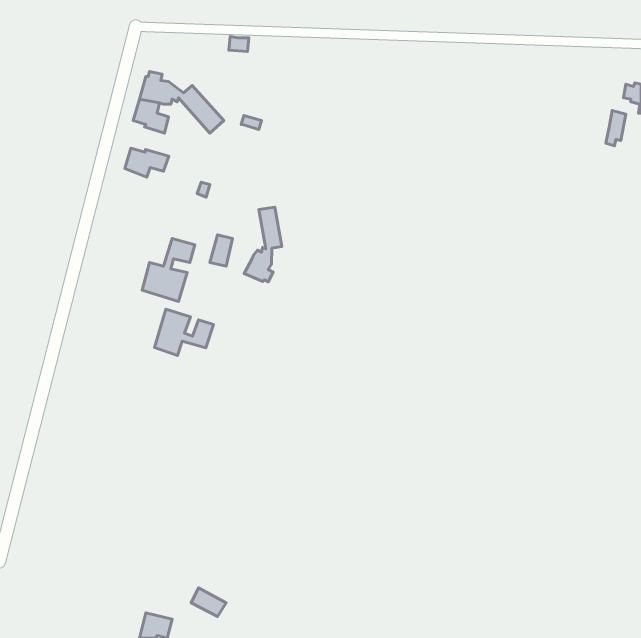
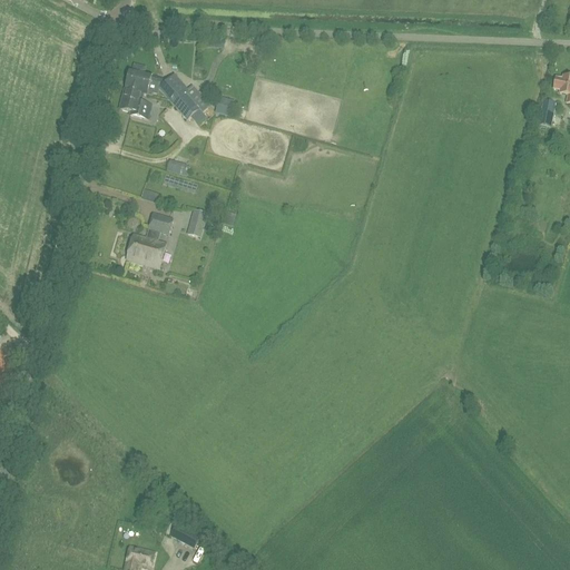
building: [125,148,169,177] -> none
building: [244,207,282,282] -> none
building: [154,309,213,355] -> none

